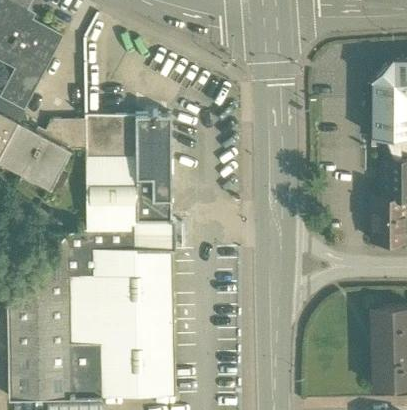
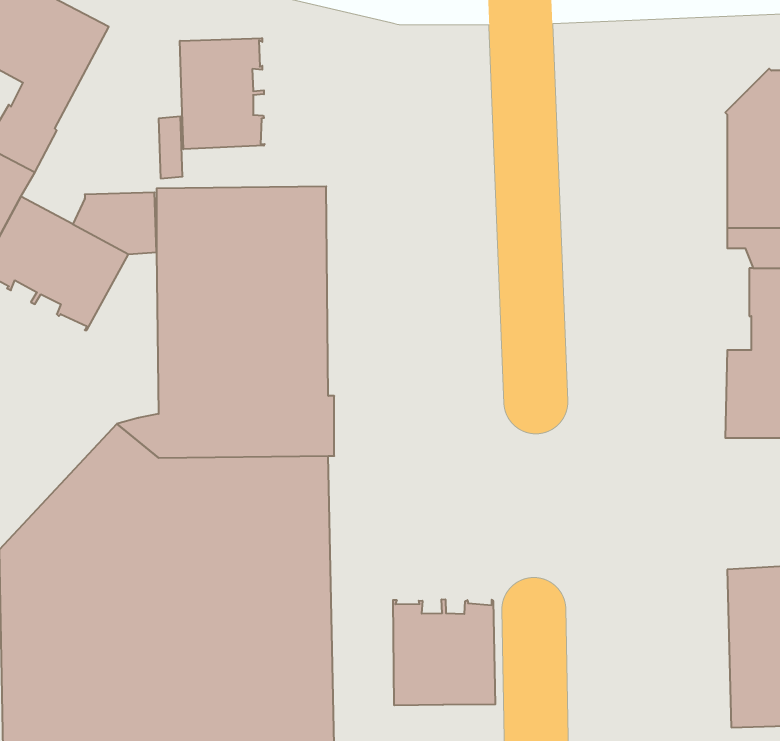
building: none -> [180,38,265,149]
building: none -> [393,599,495,705]

